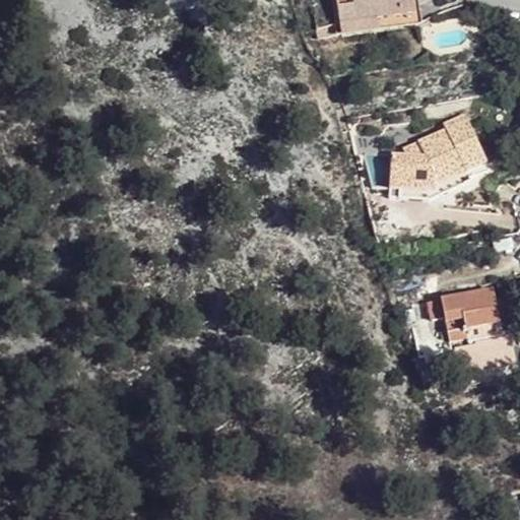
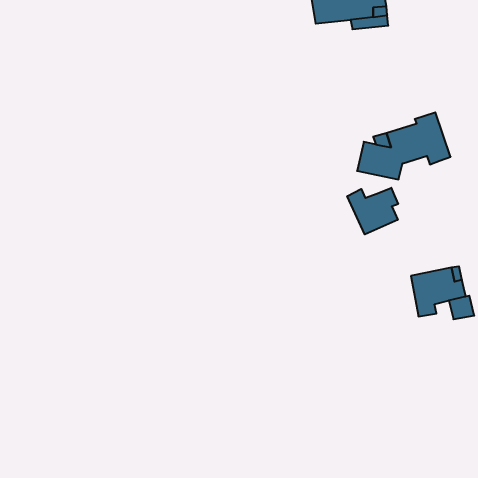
building: none -> [347,188,398,234]

